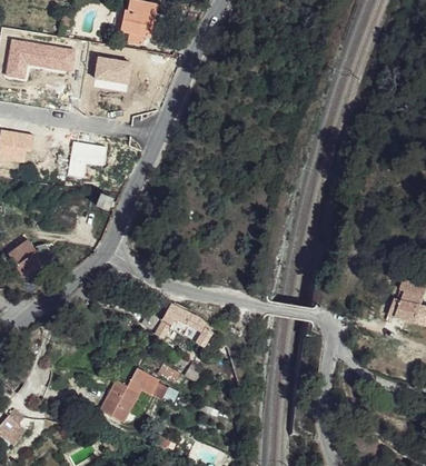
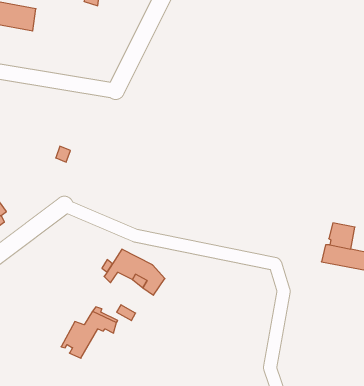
building: [93,56,132,83] -> none
building: [66,139,108,179] -> none

